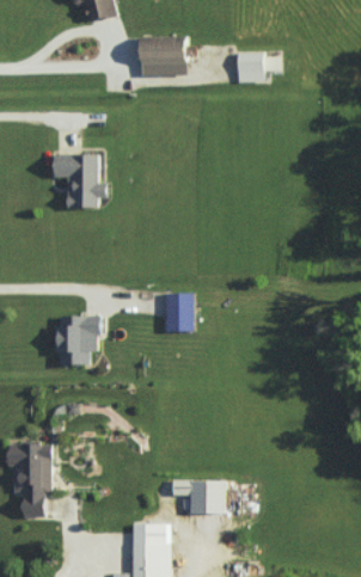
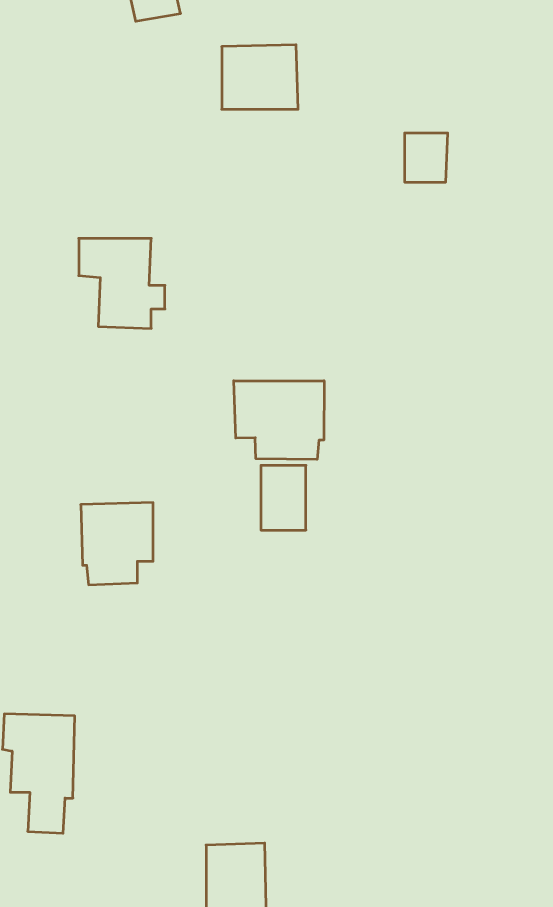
building: [237,51,263,81] -> [405,133,448,182]
building: none -> [234,381,324,459]
building: [172,479,224,512] -> none

